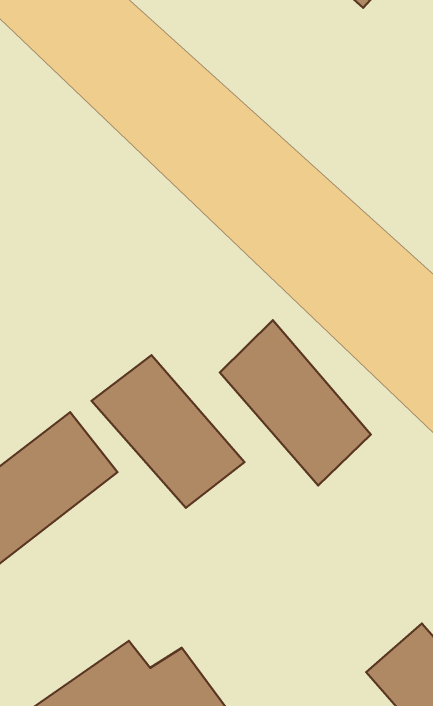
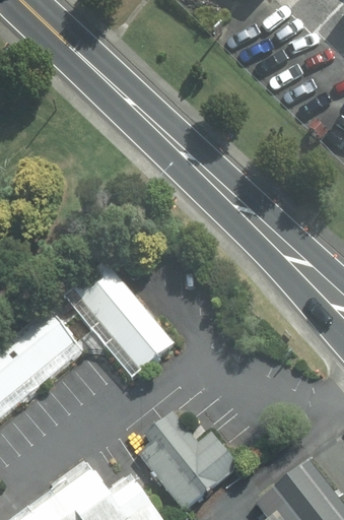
building: [220,320,371,486] -> none
building: none -> [139,406,237,511]

